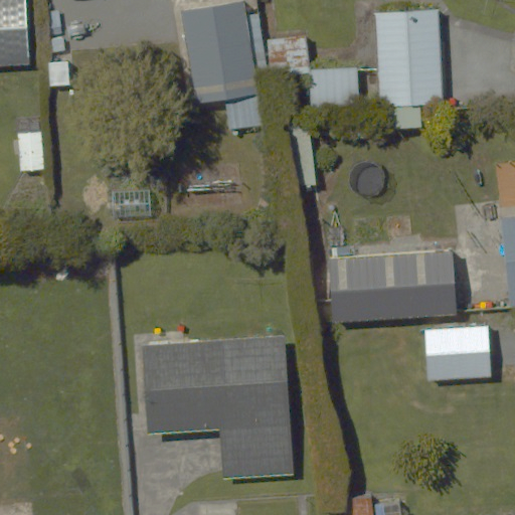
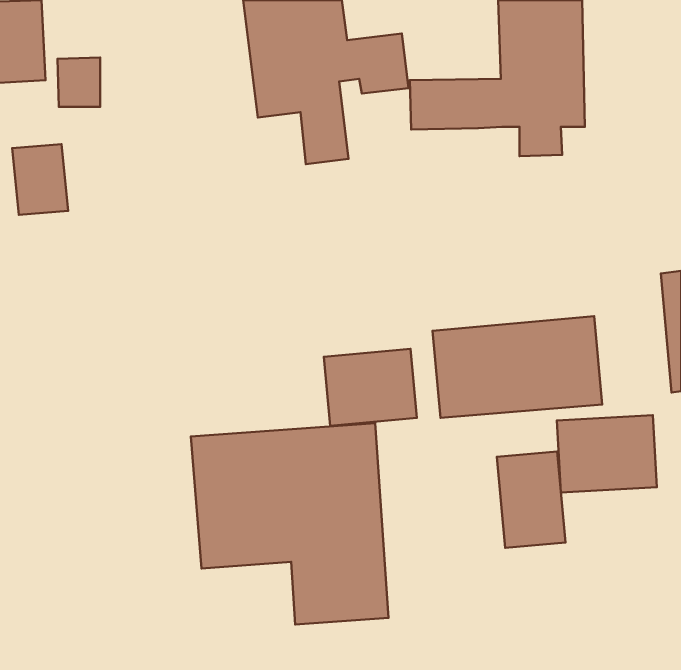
building: none -> [324,349,417,426]
building: none -> [497,451,565,548]

